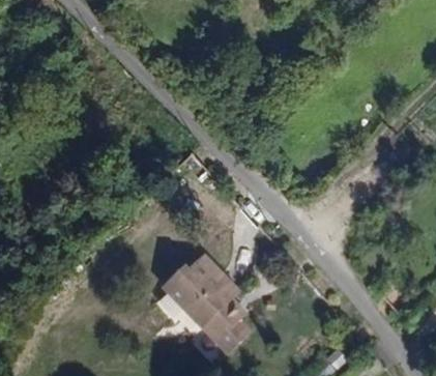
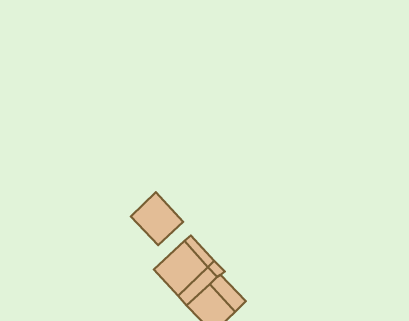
building: none -> [131,192,183,245]

